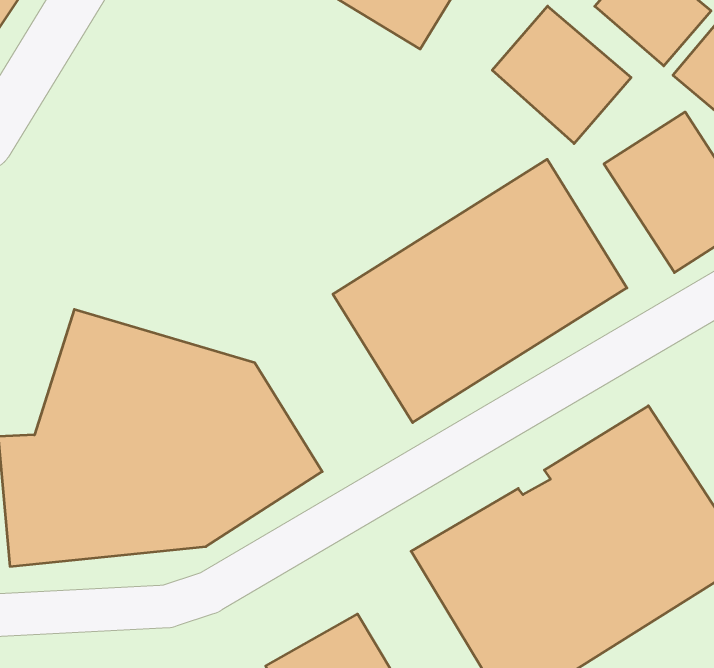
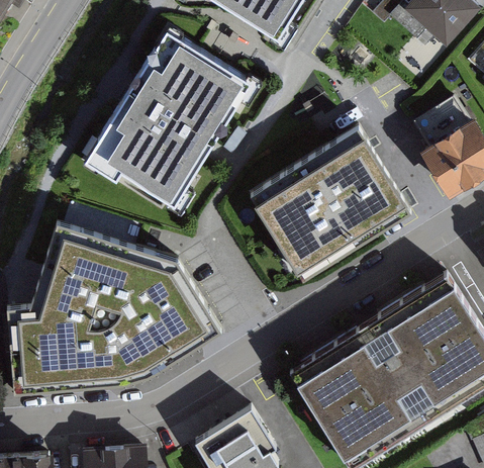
building: [492,6,631,144] -> none
building: none -> [88,22,257,199]

